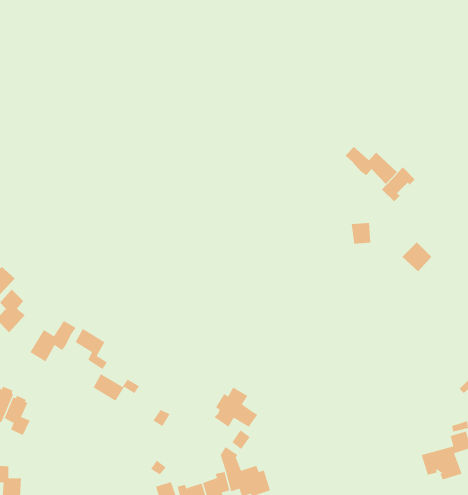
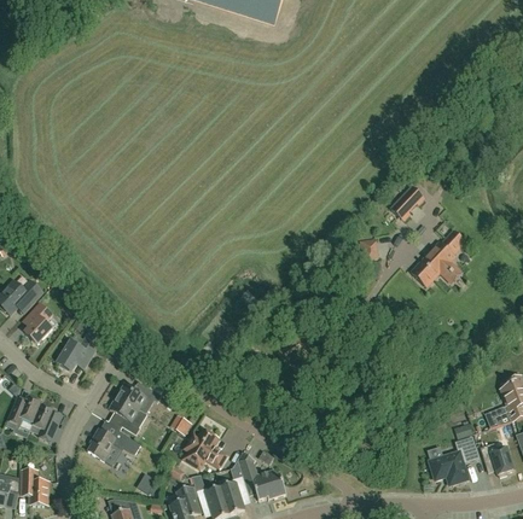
building: [345,146,398,185] -> none
building: none -> [425,231,465,278]
building: [75,328,108,370] -> [110,396,141,436]
building: [214,387,258,427] -> [185,428,227,467]
building: none -> [88,430,141,460]

